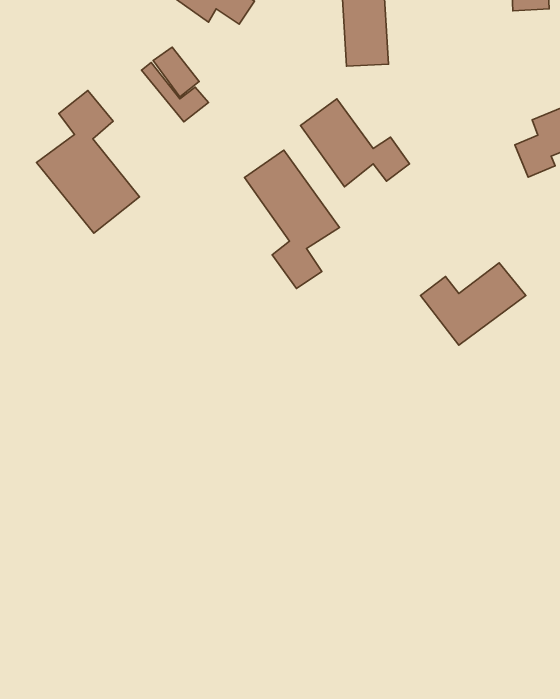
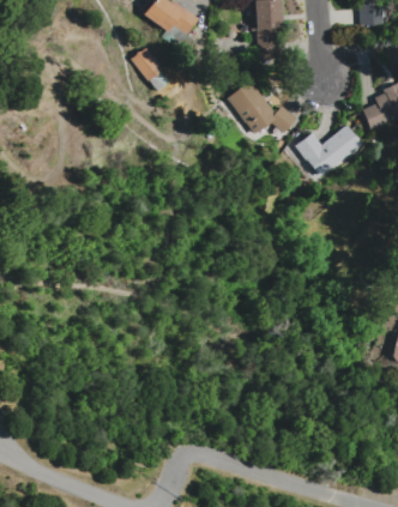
building: [36,90,139,233] -> none
building: [245,150,340,289] -> none
building: [421,263,526,345] -> [297,125,363,176]

